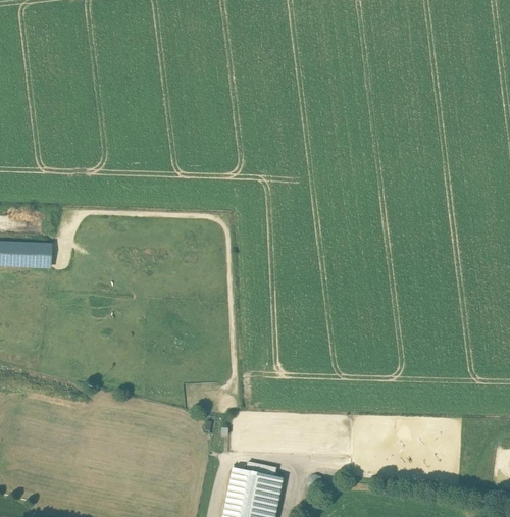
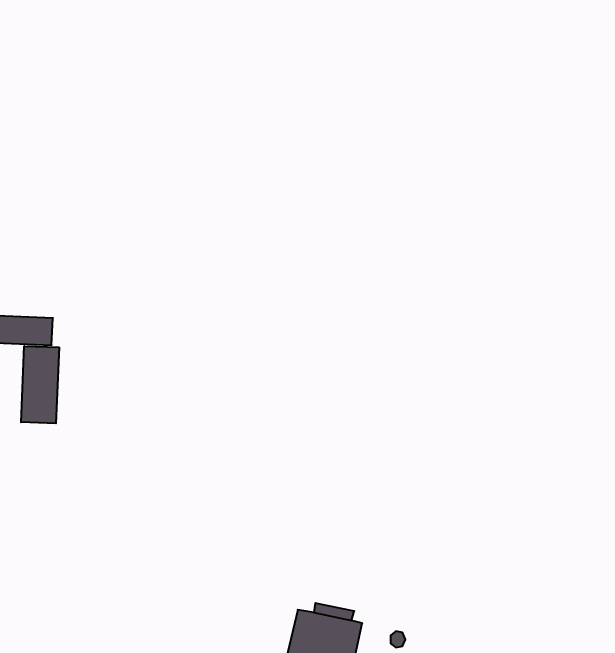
building: none -> [21,346,59,423]

